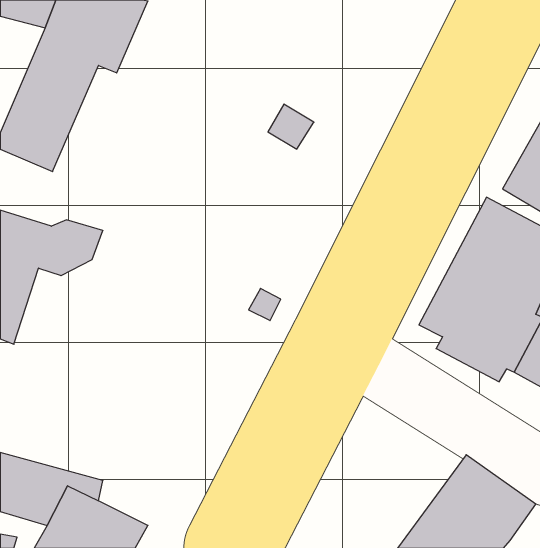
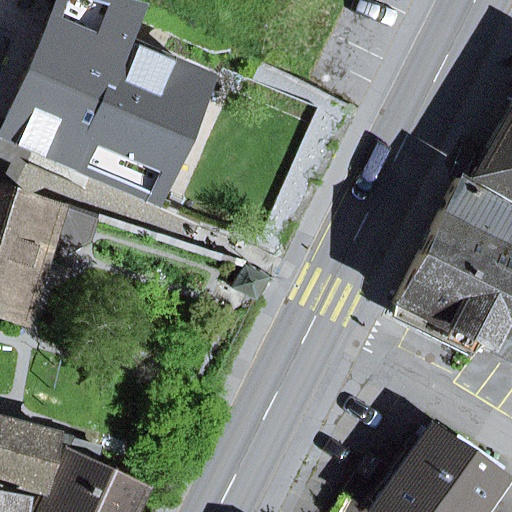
building: none -> [56,49,205,201]

